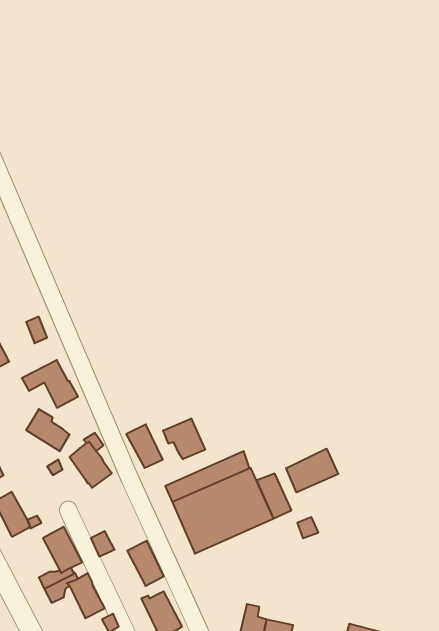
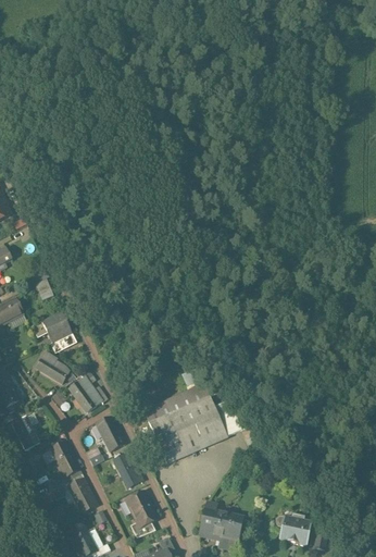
building: [163,418,205,459] -> none
building: [126,424,163,468] -> [95,417,123,450]
building: [286,449,338,492] -> none

